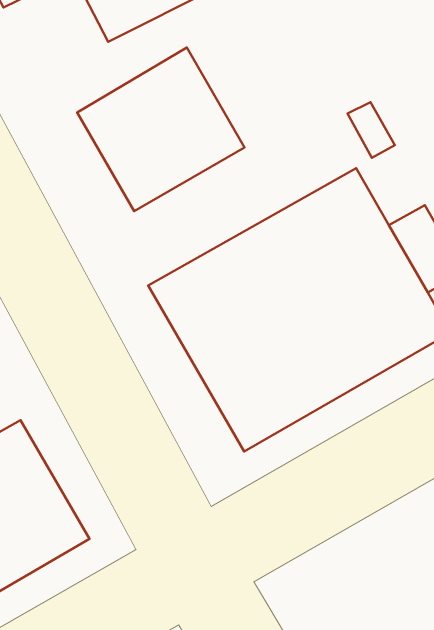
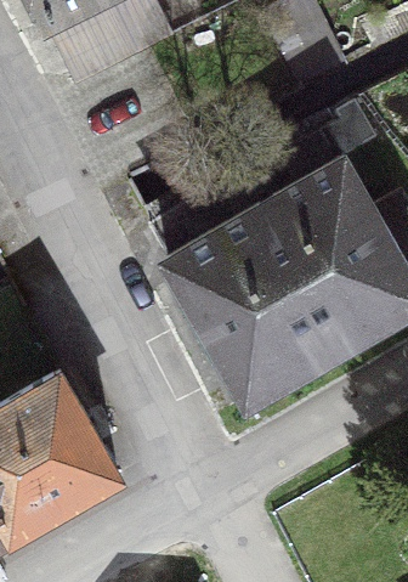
building: [77,47,245,211] -> none

